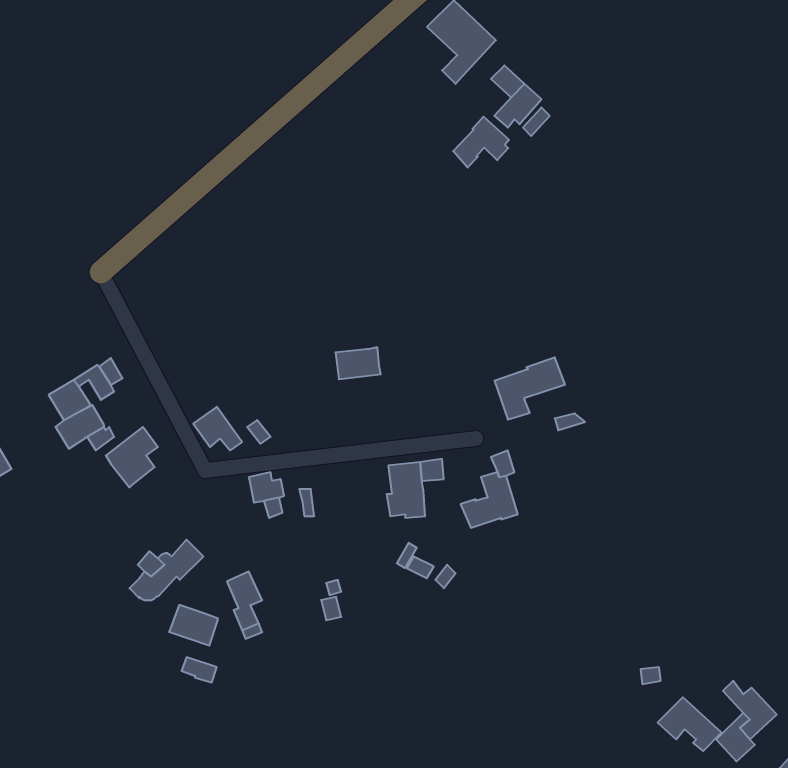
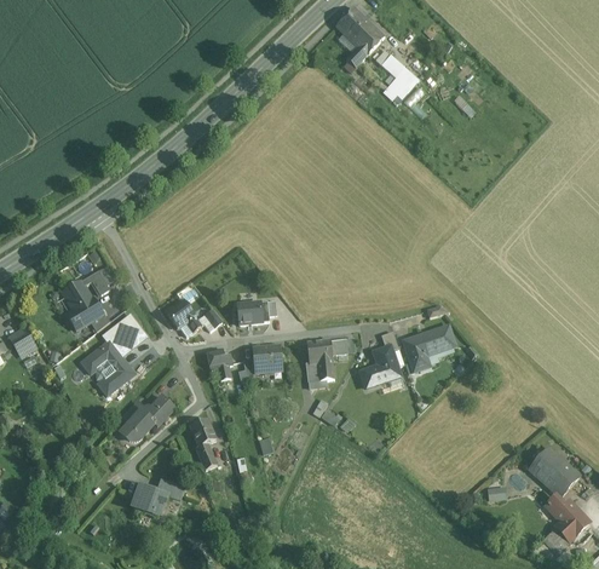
building: [453,117,509,168] -> none
building: [335,347,381,379] -> [237,301,270,324]
building: [494,357,565,420] -> [404,326,455,370]
building: none -> [83,341,136,395]
building: none -> [254,346,282,374]
building: [169,605,218,645] -> [133,484,168,513]
building: [658,697,722,751] -> [531,450,577,489]

